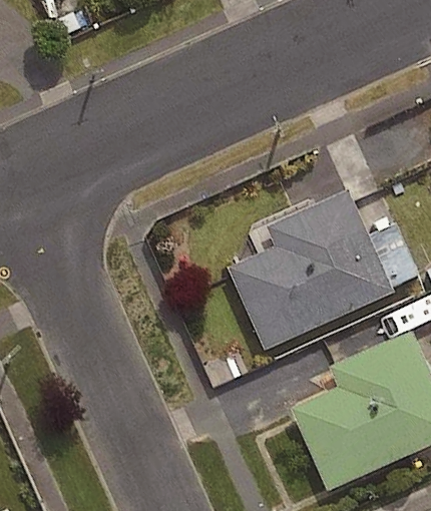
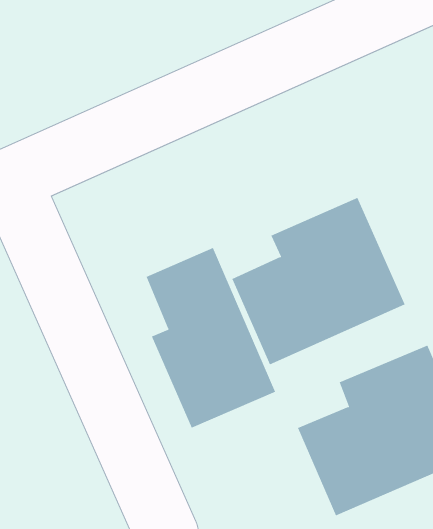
building: none -> [146,247,276,429]

